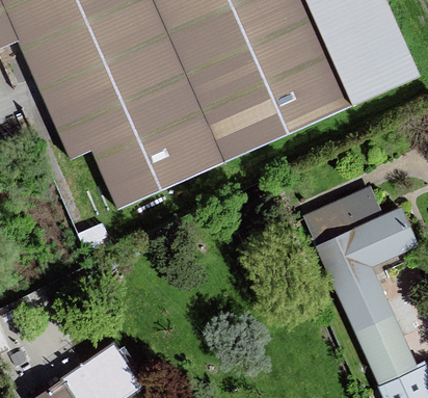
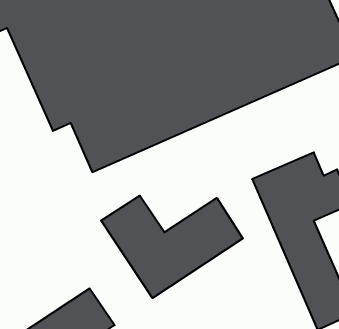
building: none -> [101,196,243,298]

